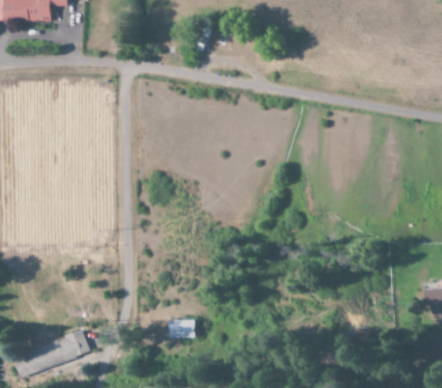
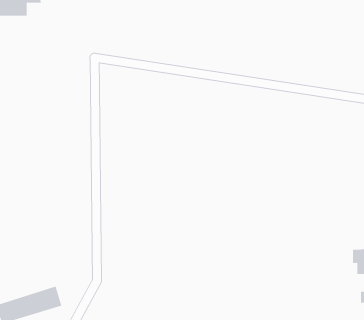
building: [169,319,195,337] -> none

